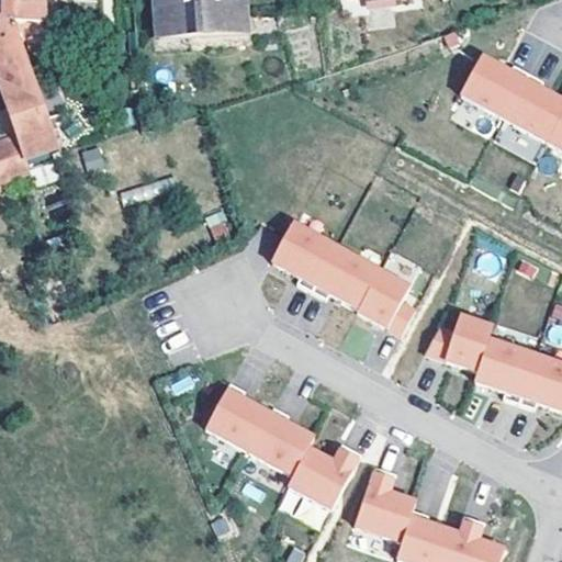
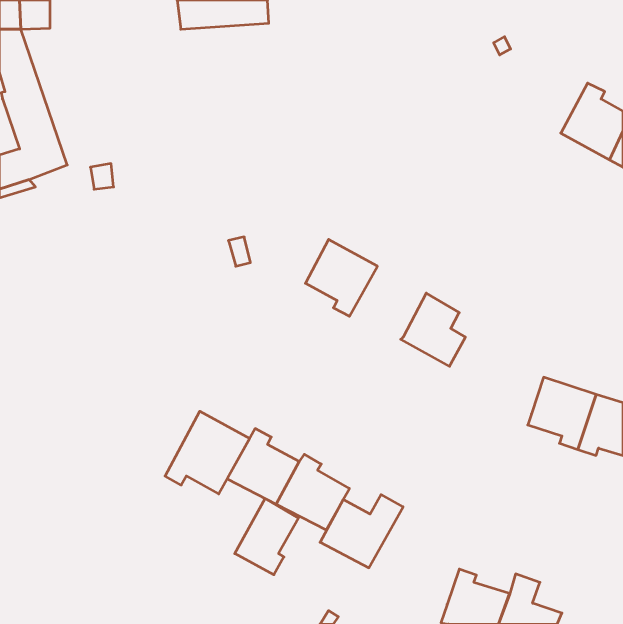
building: [460,56,528,120] -> none
building: [314,239,383,303] -> none
building: [425,317,492,372] -> none
building: none -> [165,411,250,494]
building: none -> [235,499,298,575]
building: [355,469,415,543] -> none

